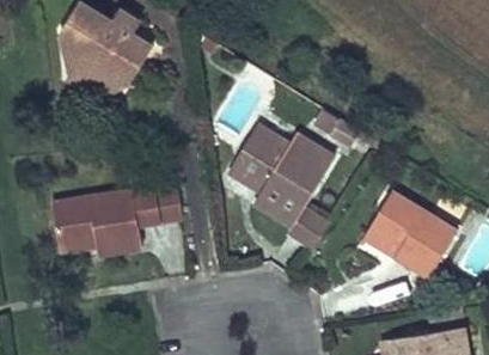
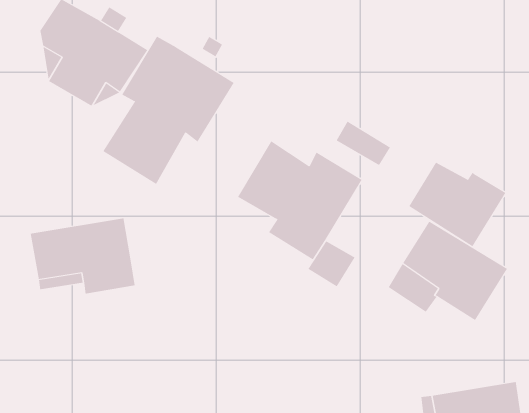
building: none -> [103,36,234,185]
building: none -> [408,162,506,247]
building: [132,175,183,224] -> none

